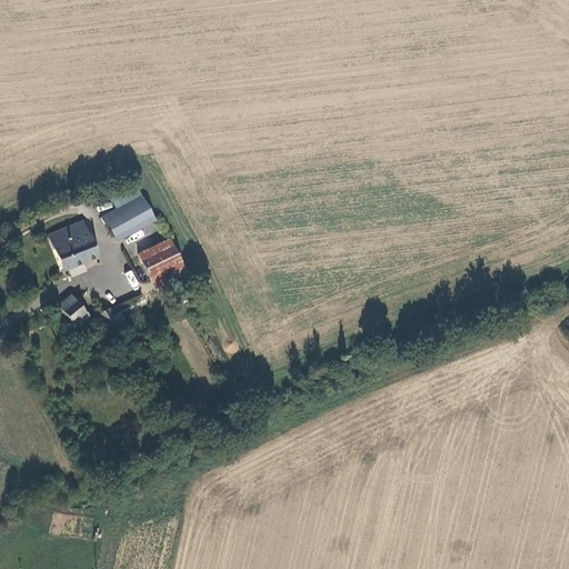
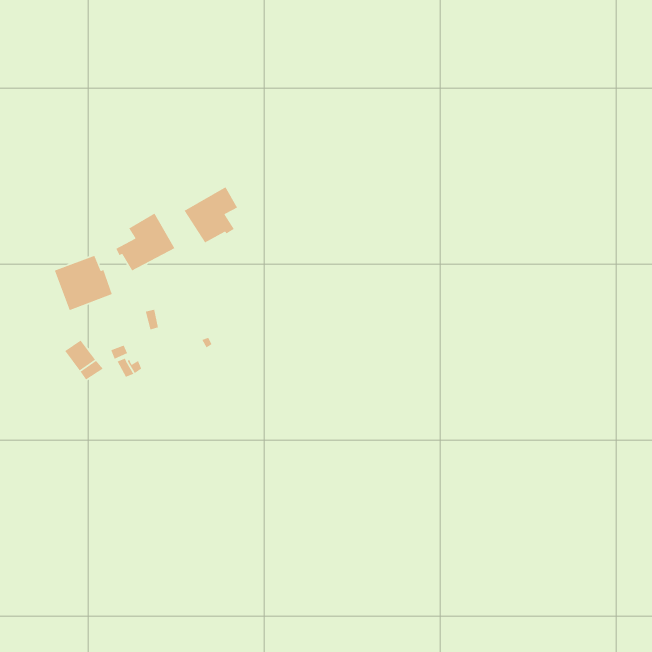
building: none -> [184,186,238,244]
building: [141,239,189,288] -> none

